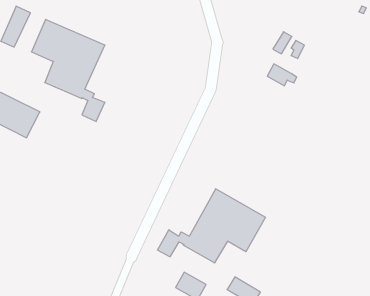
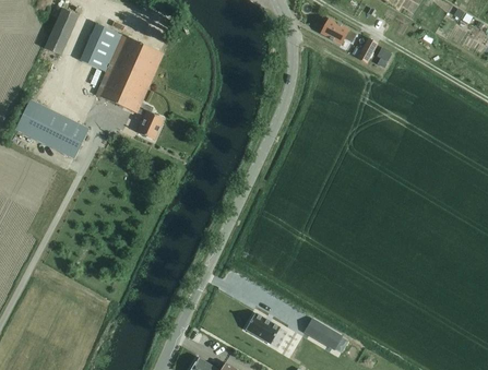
building: [267,64,297,86] -> [321,19,355,44]
building: [158,189,265,263] -> none

